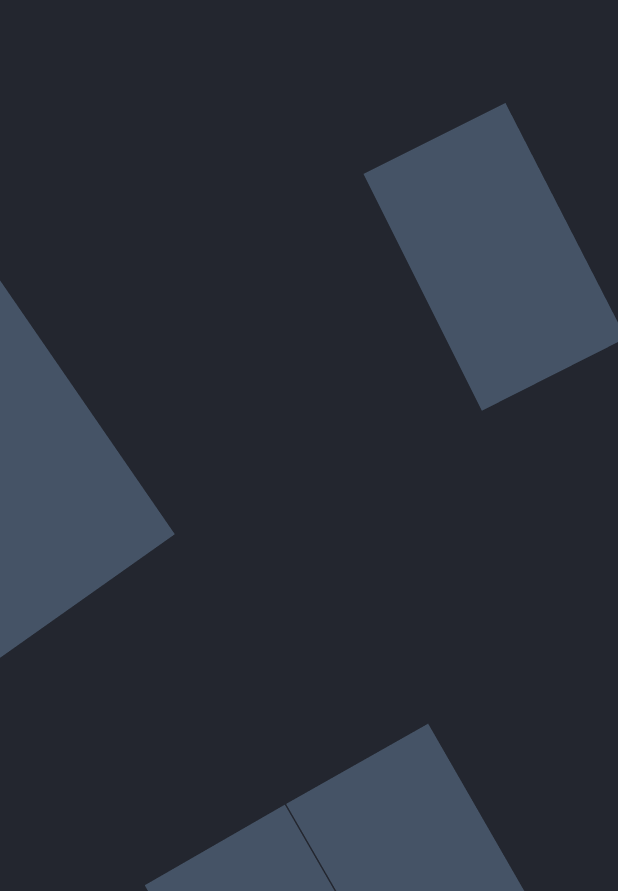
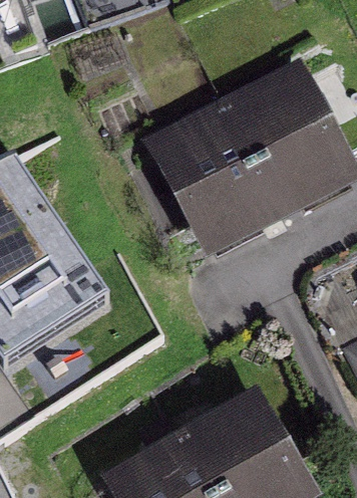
building: none -> [142,96,282,261]

